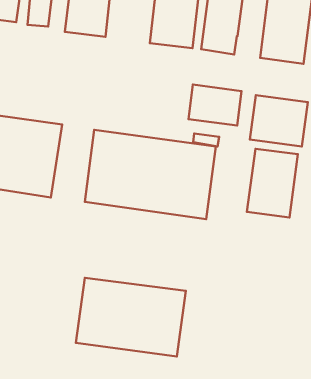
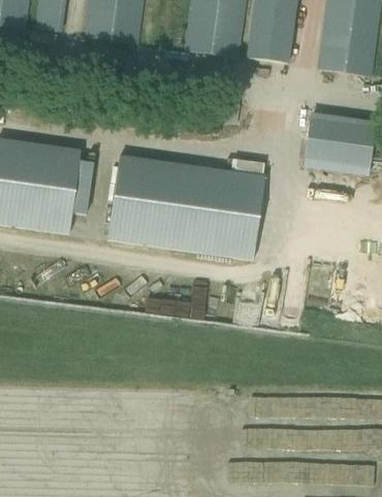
building: [188,85,242,126] -> none
building: [247,149,298,217] -> none
building: [76,278,186,357] -> none

